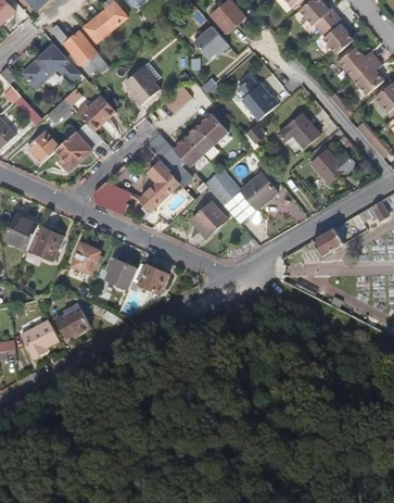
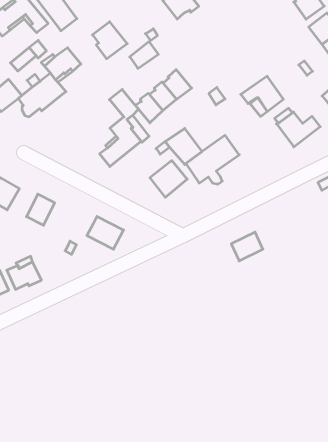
building: [234,77,278,121] -> none
building: [93,180,130,214] -> none
building: [312,227,343,256] -> [231,232,263,261]
building: [106,259,138,288] -> none

